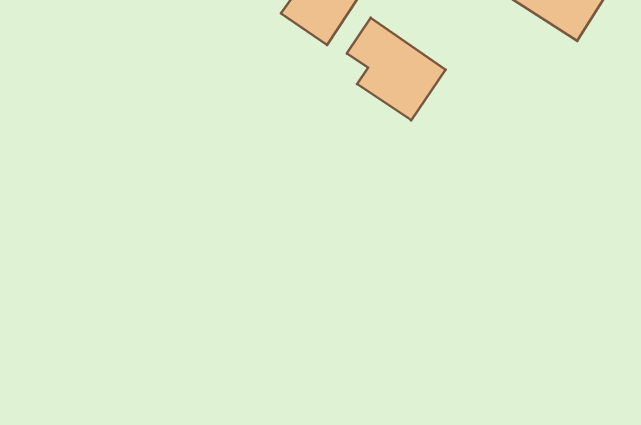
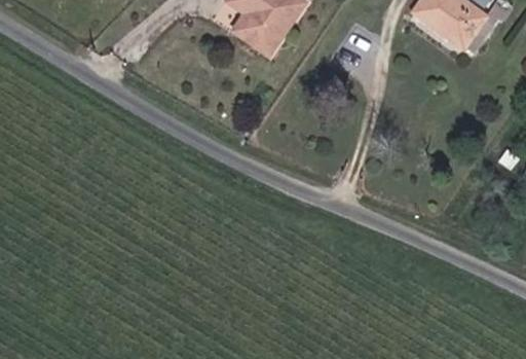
building: [347,18,446,120] -> none

